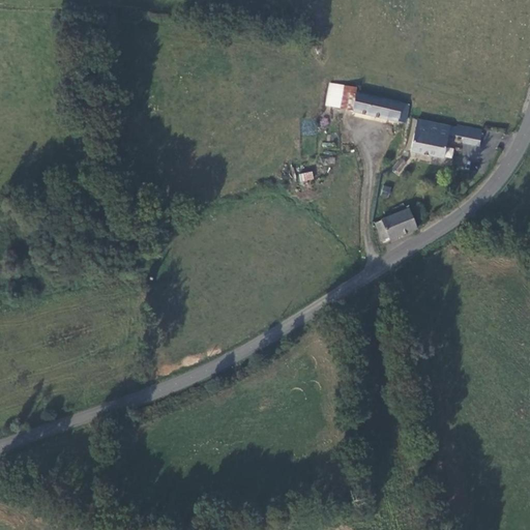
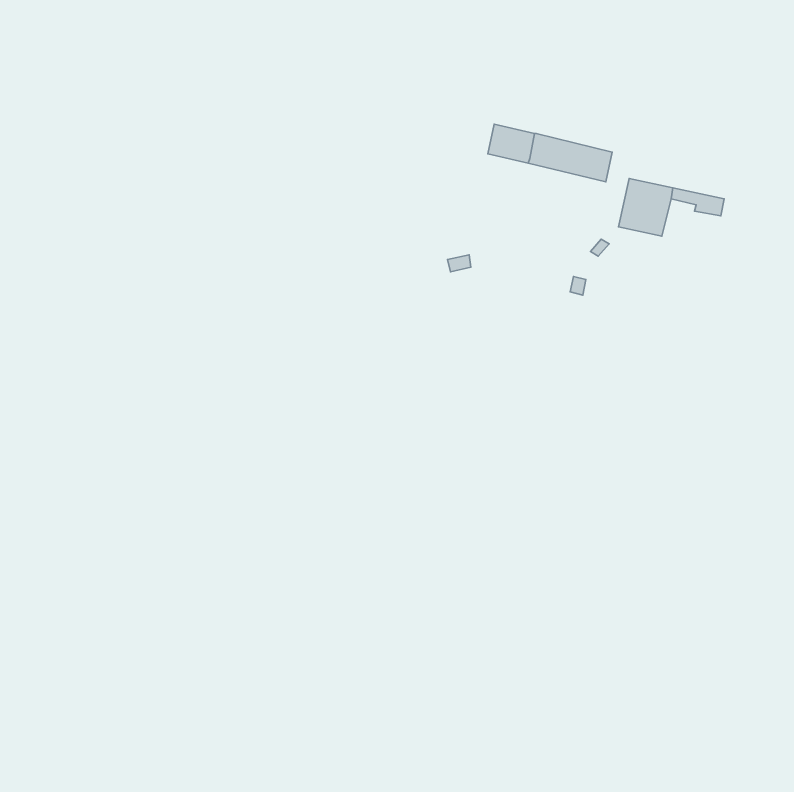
building: [378,208,418,241] -> none

